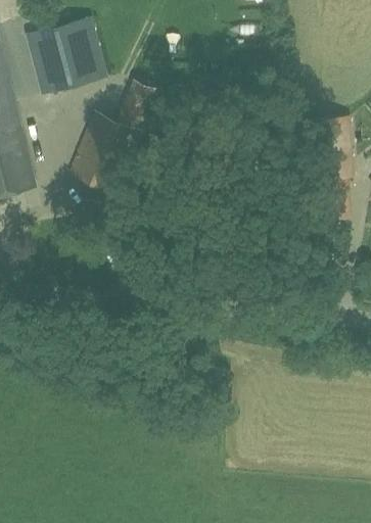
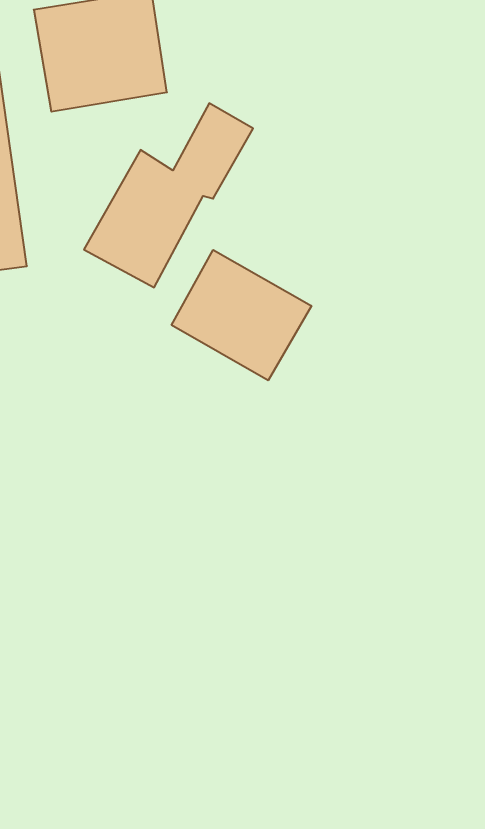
building: none -> [172,250,311,380]

